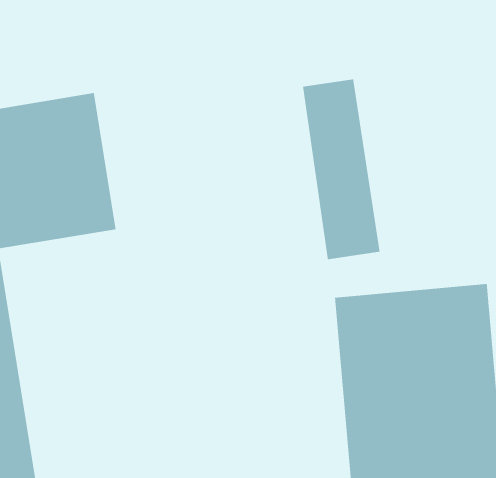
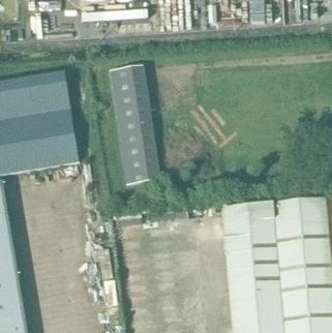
building: [302,78,381,260] -> [109,64,160,184]

